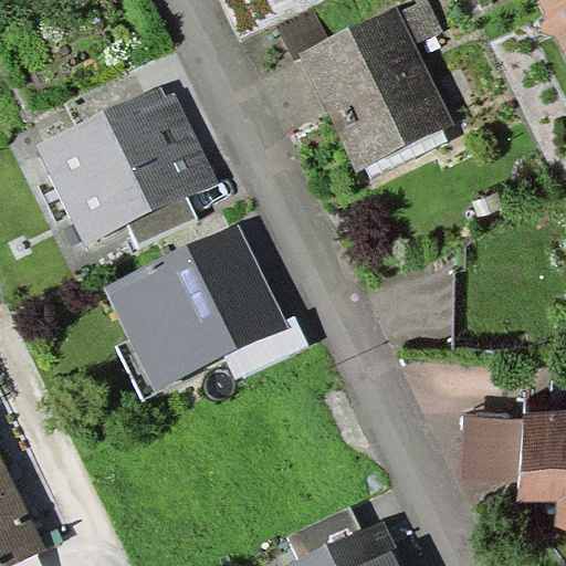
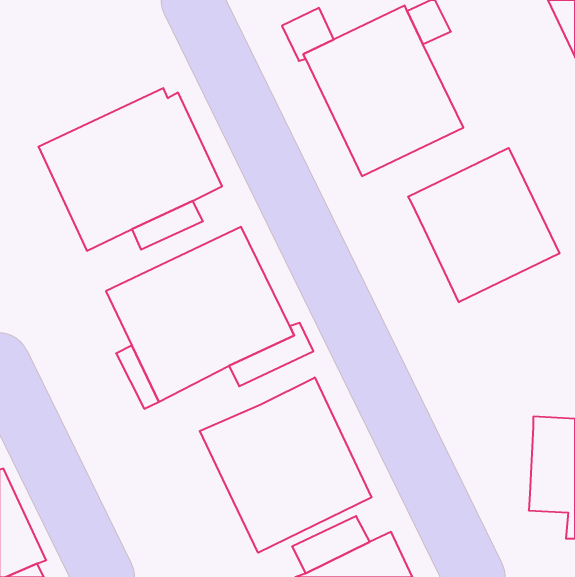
building: none -> [408,148,559,302]
building: none -> [200,377,371,553]
building: [461,416,523,483] -> none

